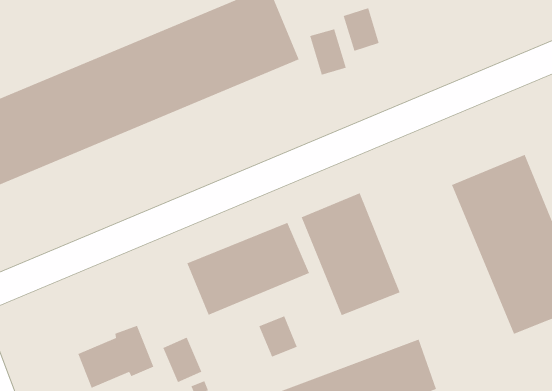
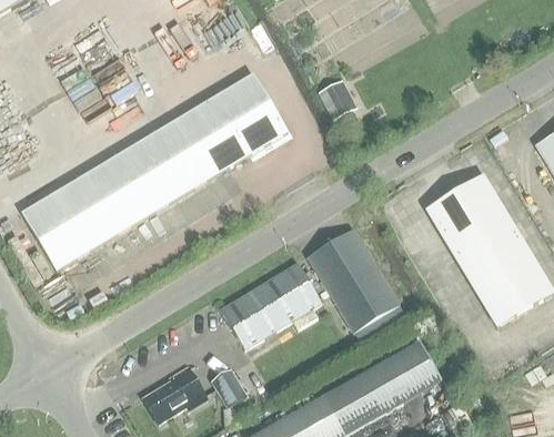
building: [310,29,347,75] -> none
building: [258,315,298,358] -> none

